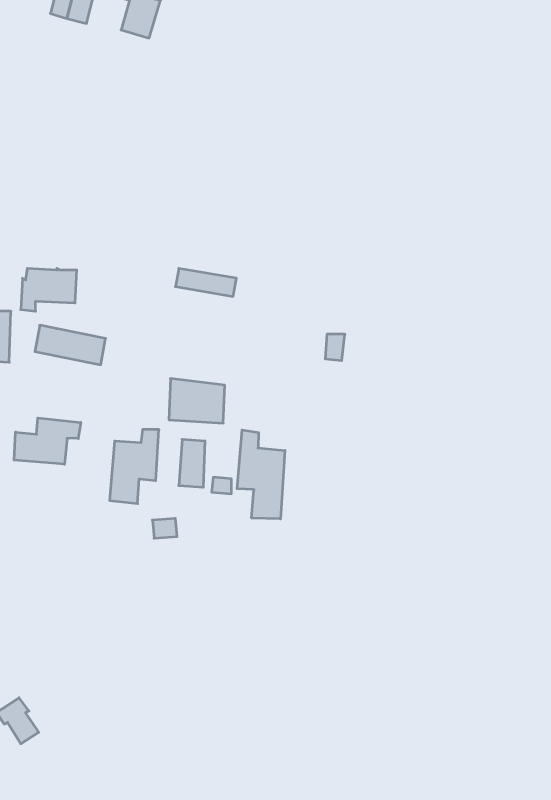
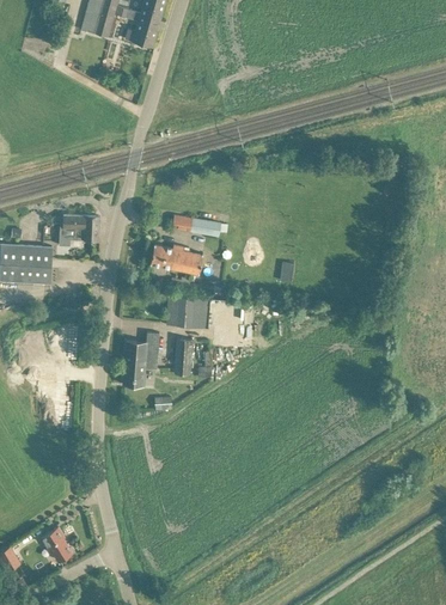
building: [35,325,106,365] -> [152,245,203,274]
building: [14,418,81,464] -> none
building: [237,430,285,519] -> none

